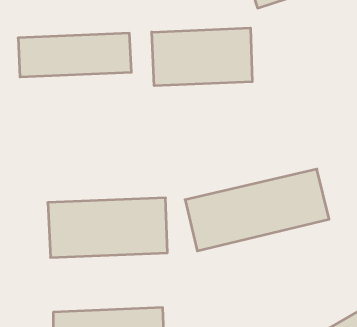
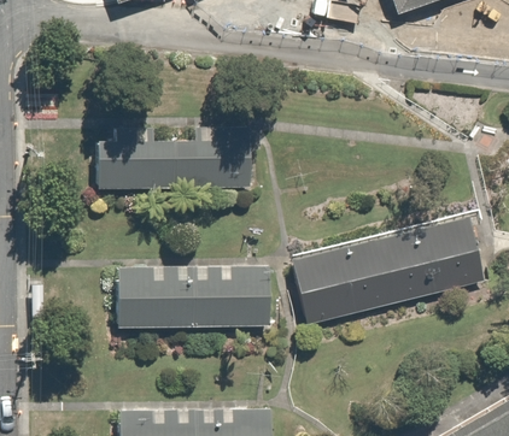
building: [152,28,252,86] -> none
building: [18,33,131,77] -> [89,130,236,187]

